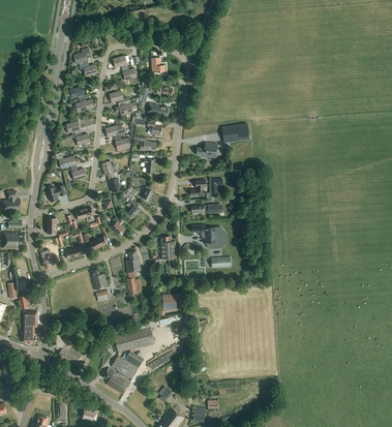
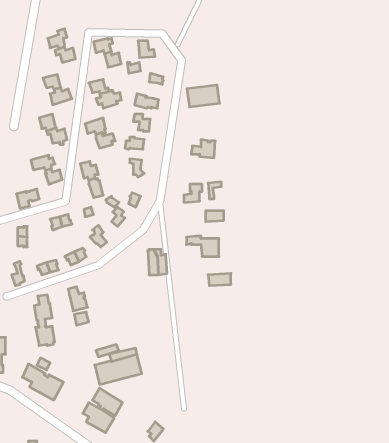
building: [221,124,249,143] -> [187,85,220,107]
building: [125,251,143,295] -> [34,295,55,346]

